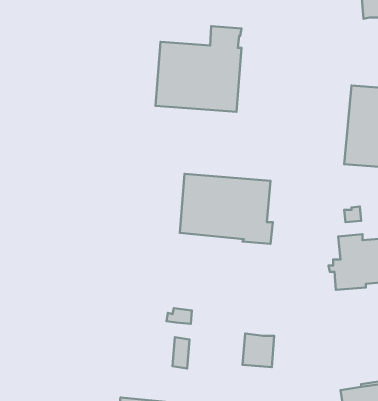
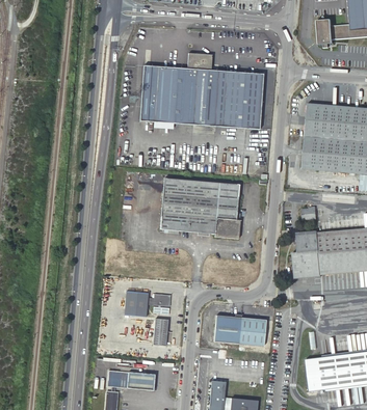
building: none -> [209,70,263,128]
building: none -> [125,291,149,317]
building: none -> [239,317,266,346]

